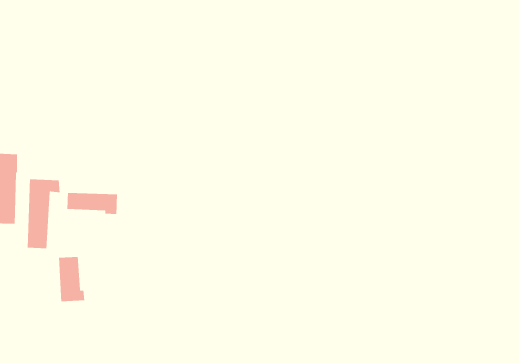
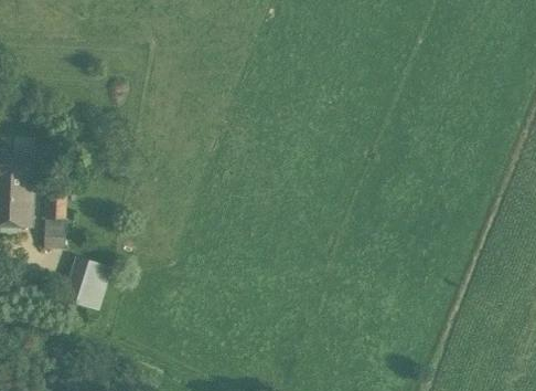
building: [67,192,118,215] -> none

